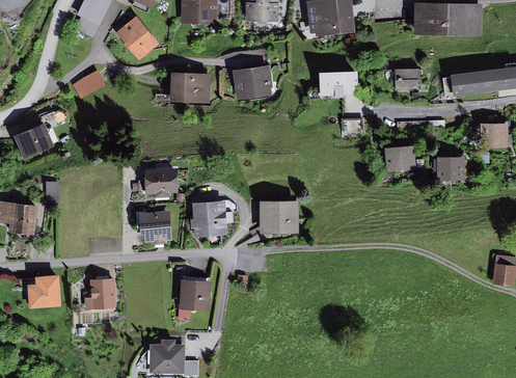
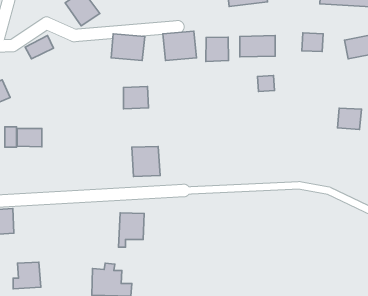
building: none -> [206,37,229,61]
building: [385,146,414,172] -> none
building: [148,169,178,195] -> [124,87,148,109]
building: none -> [17,128,42,147]
building: [262,201,299,234] -> none
building: [141,213,172,241] -> none
building: [83,279,115,310] -> [13,262,41,289]

